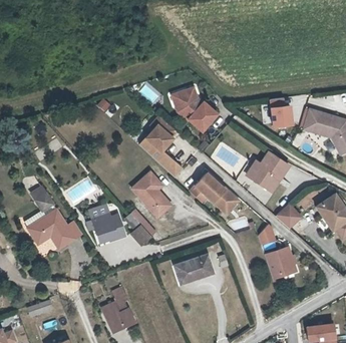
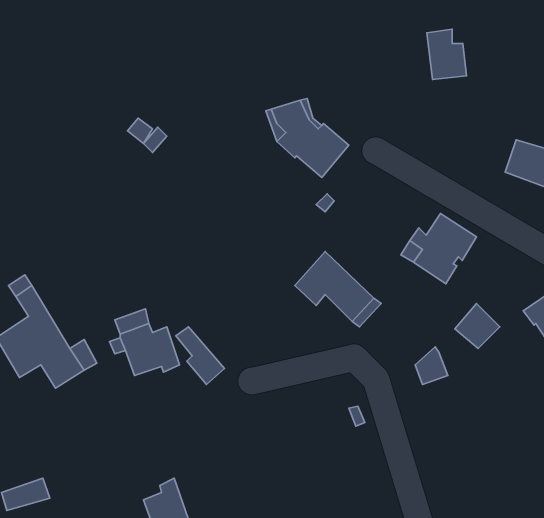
building: [270,98,292,126] -> [427,29,467,80]
building: [141,114,184,178] -> none
building: [133,172,174,218] -> none
building: [264,248,297,280] -> none
building: [175,256,213,284] -> none

